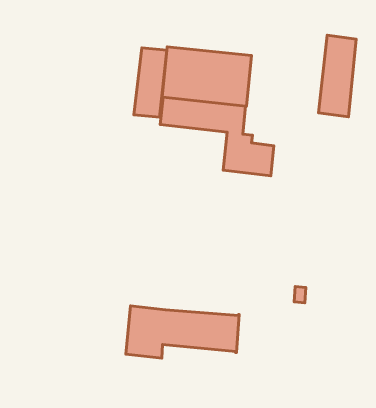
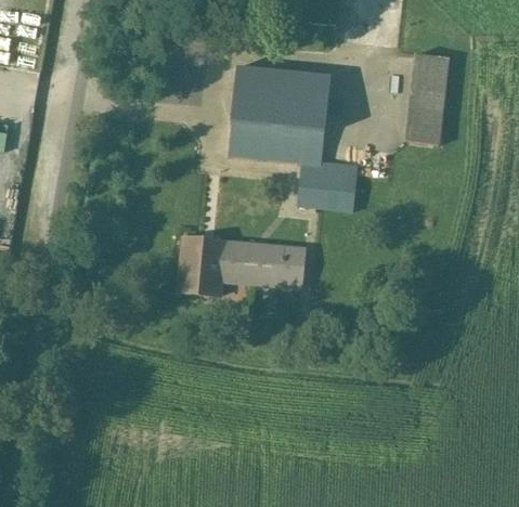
building: [134,48,167,117] -> none
building: [126,306,239,358] -> [179,237,306,296]

